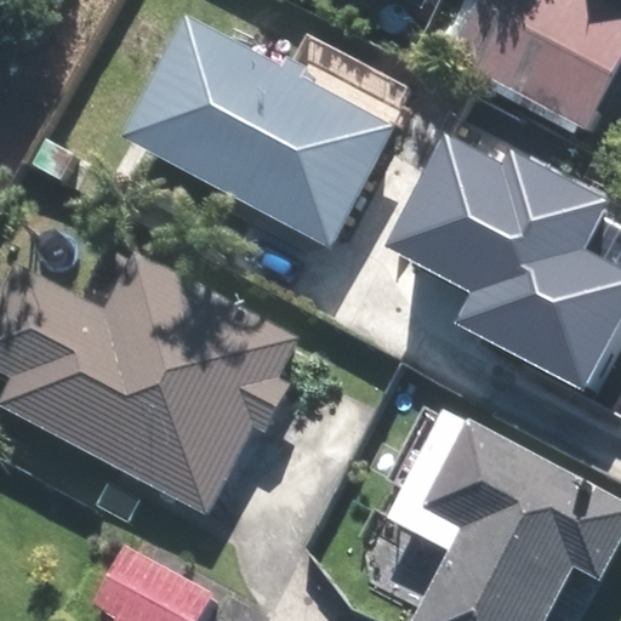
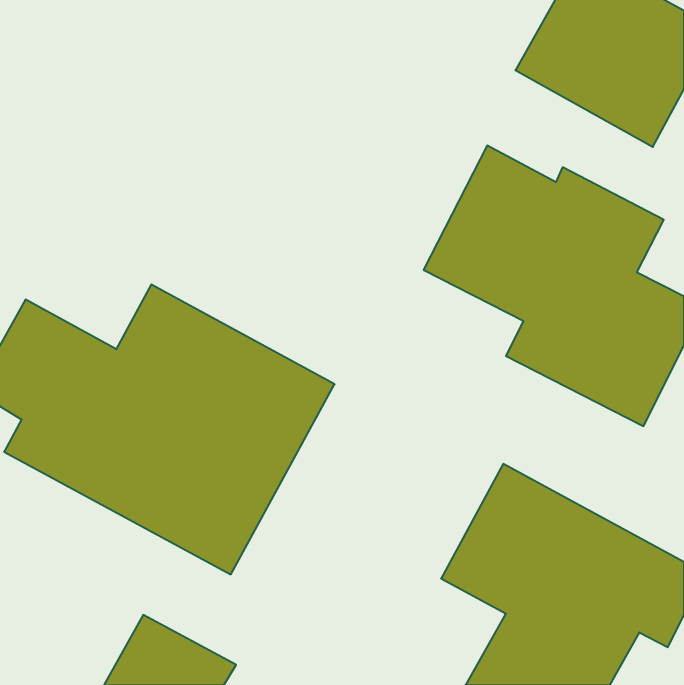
building: [131,21,395,244] -> none

